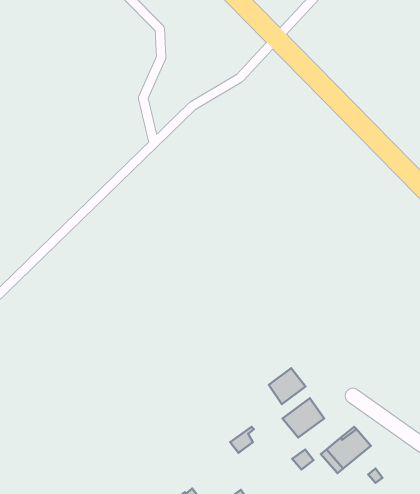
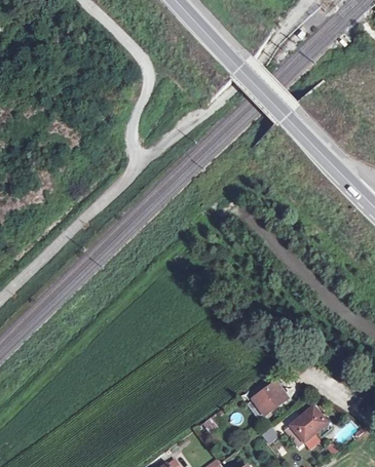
building: [269,368,305,404] -> none

